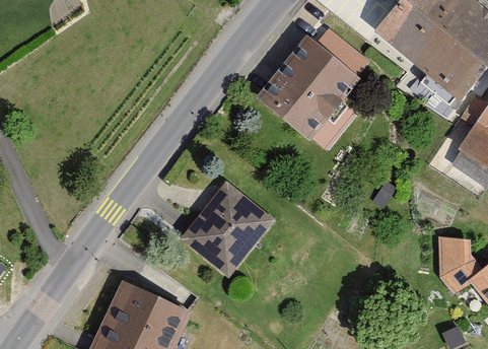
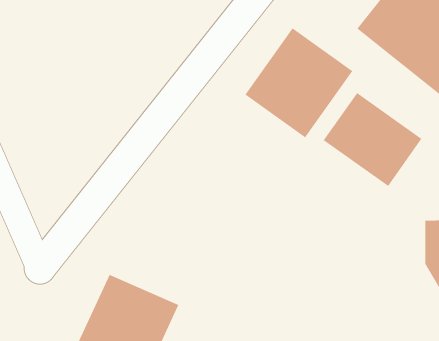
building: none -> [323,92,422,187]
building: [178,179,277,279] -> none

